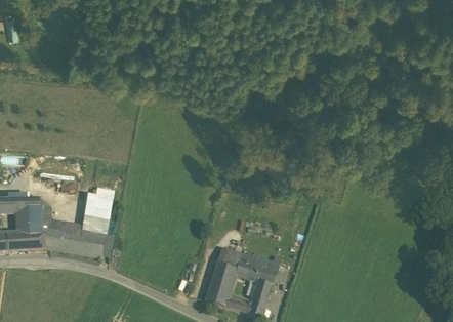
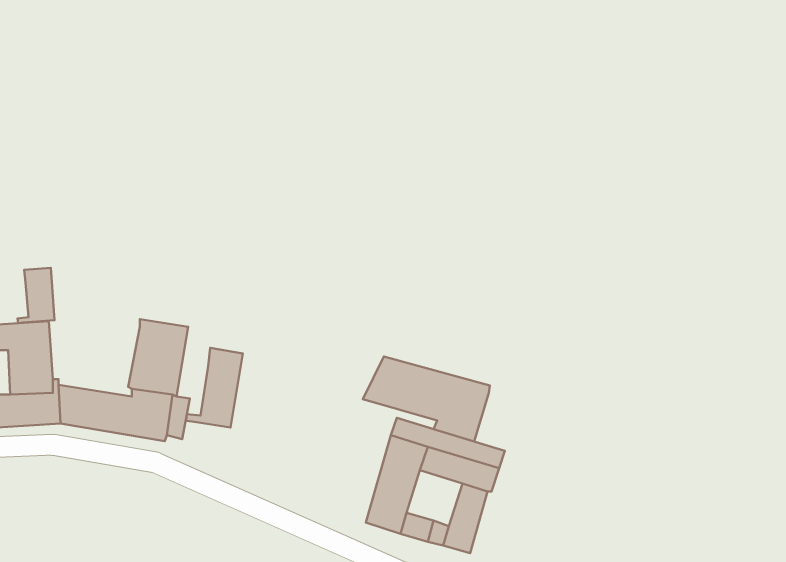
building: none -> [18,268,54,323]
building: none -> [186,348,243,427]
building: none -> [363,356,490,441]

